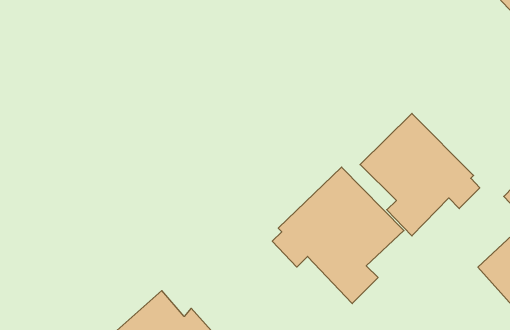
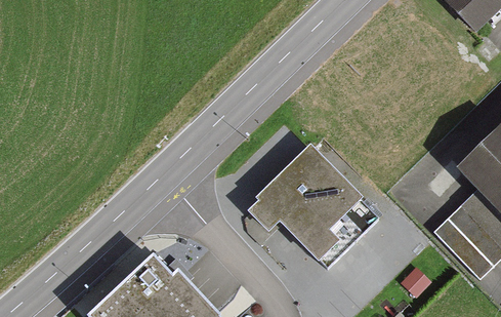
building: [360,113,480,236] -> none

